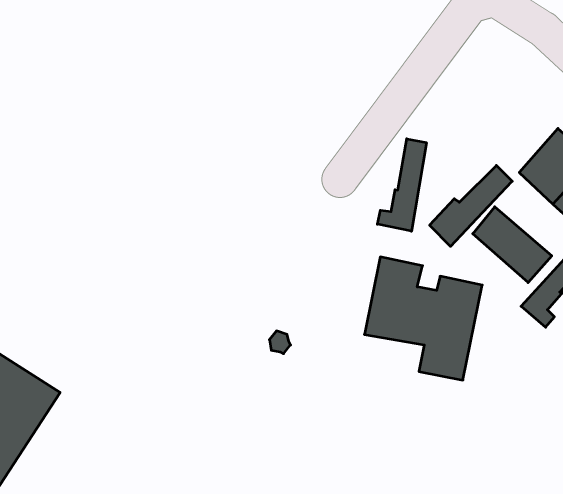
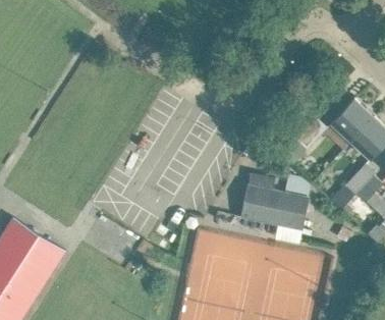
building: [377,139,426,231] -> none
building: [473,207,552,283] -> none

